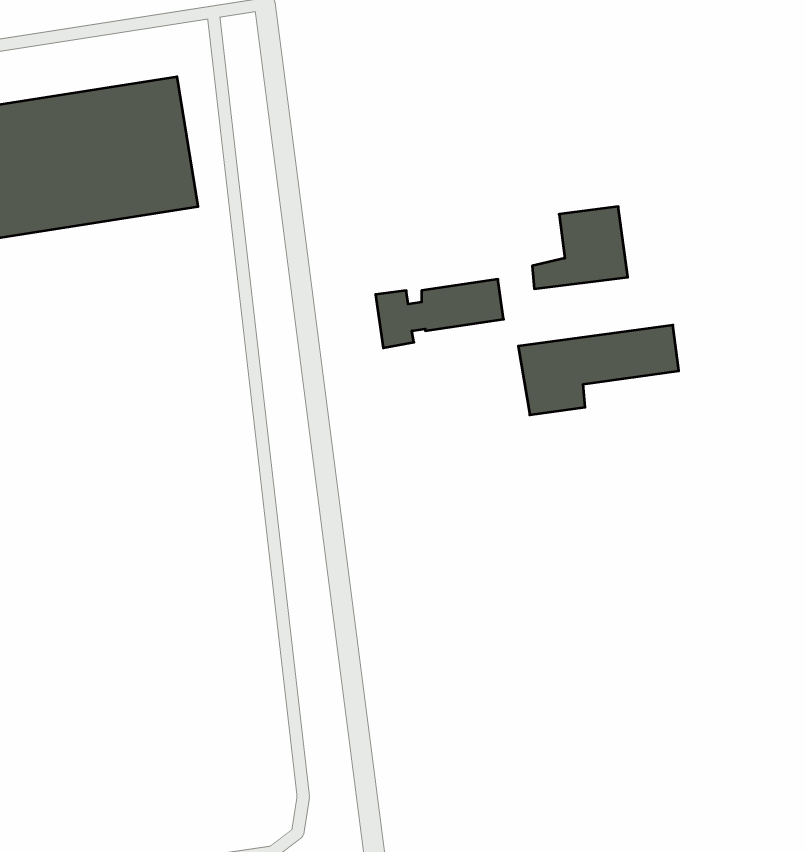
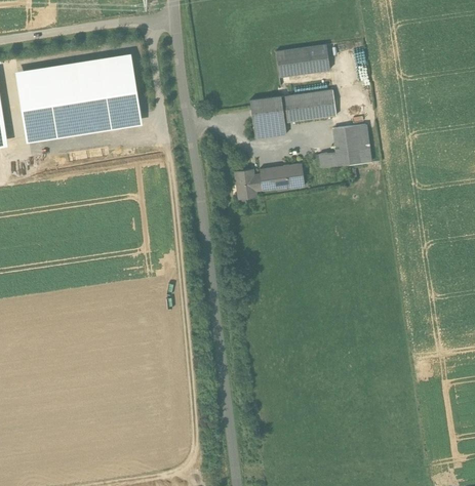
building: none -> [275,44,329,77]
building: [518,325,679,415] -> [249,90,335,138]

